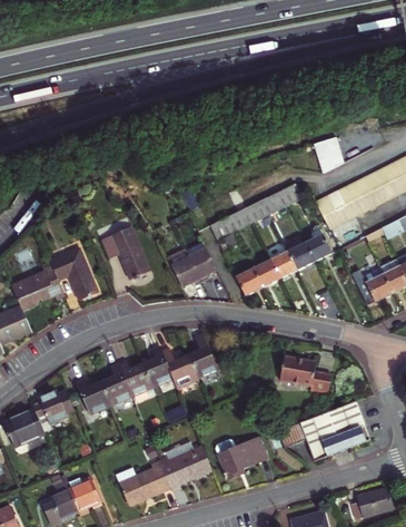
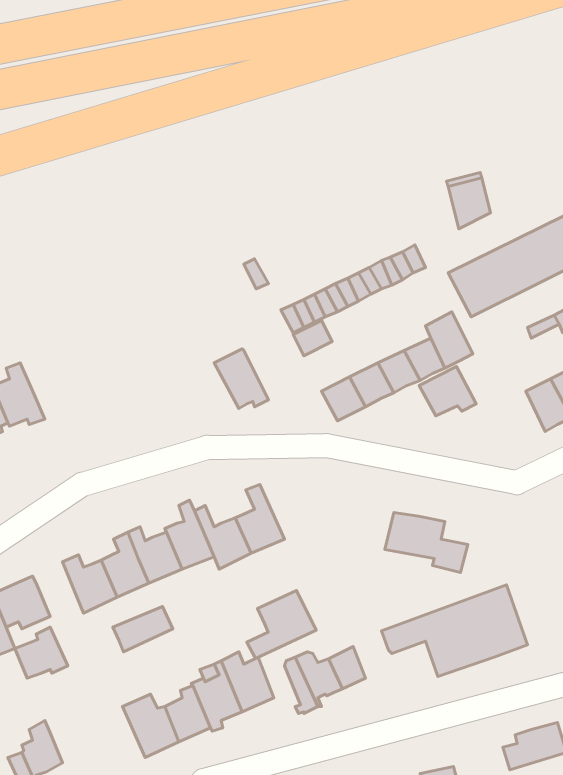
building: [100,225,147,279] -> none
building: [189,241,220,281] -> none
building: [48,245,96,296] -> none
building: none -> [419,367,476,416]
building: none -> [247,590,316,658]
building: none -> [113,606,173,652]
building: [67,478,100,510] -> [15,627,68,678]

